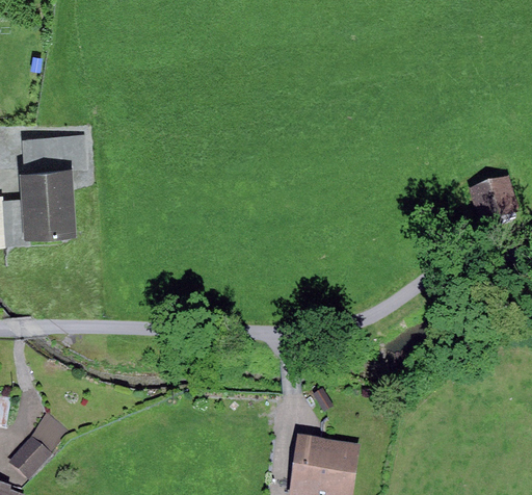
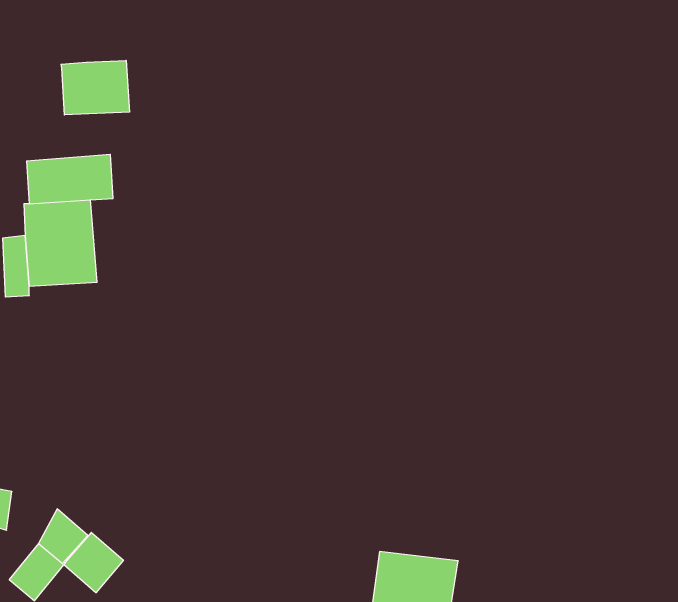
building: none -> [61,60,129,115]
building: [471,183,515,226] -> none
building: none -> [64,532,123,593]

